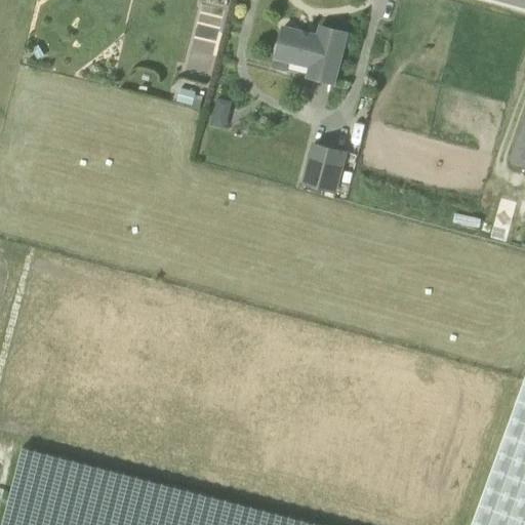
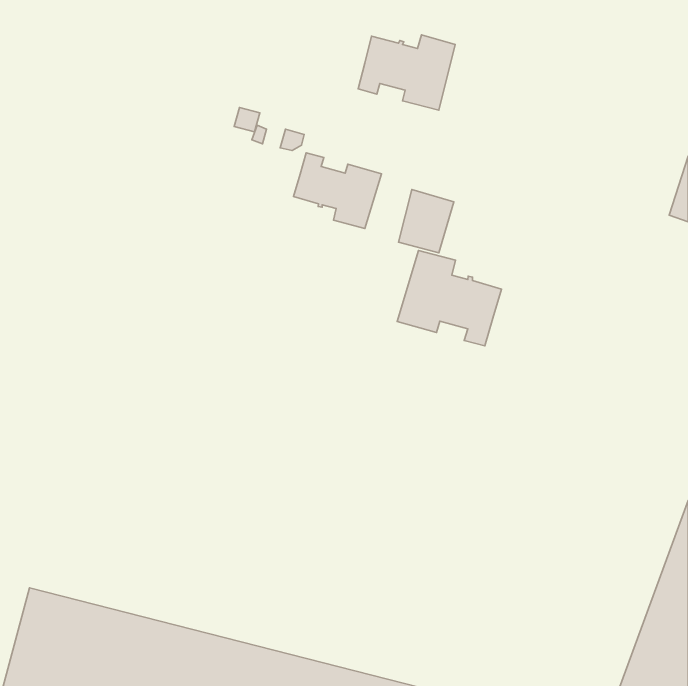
building: none -> [293,153,382,229]
building: none -> [397,250,501,346]

